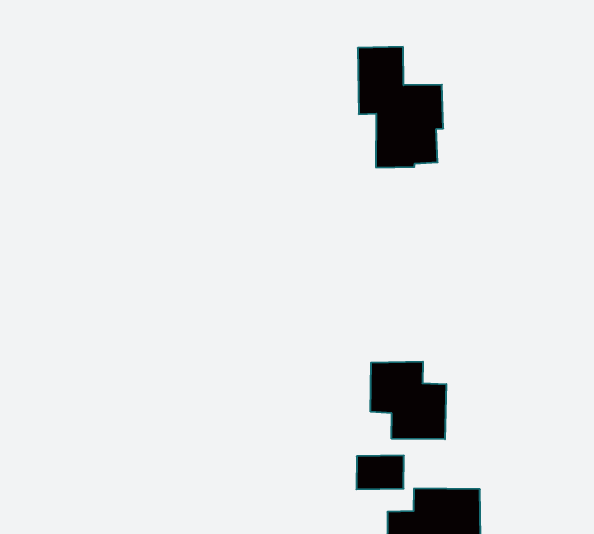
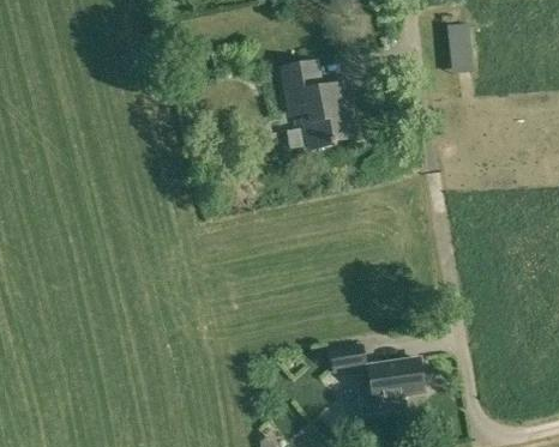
building: [371,362,446,439] -> none

